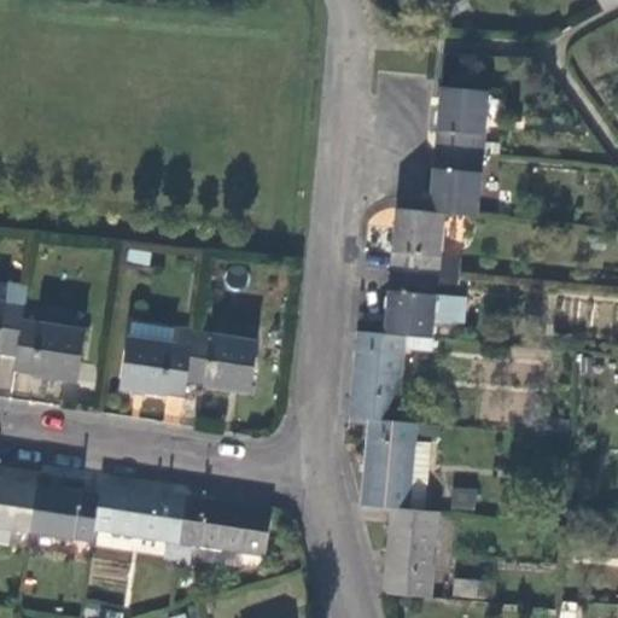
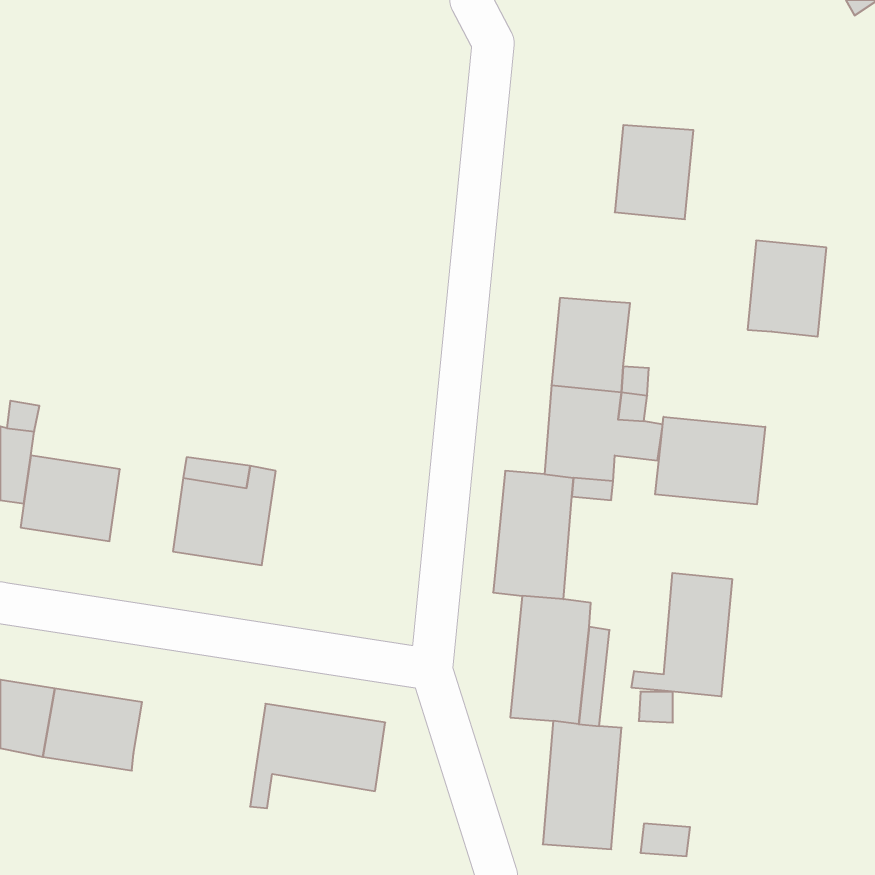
building: [427,150,483,217] -> [748,241,826,337]
building: none -> [655,417,765,504]
building: [187,331,258,391] -> none
building: none -> [632,573,732,697]
building: [94,483,187,544] -> none

